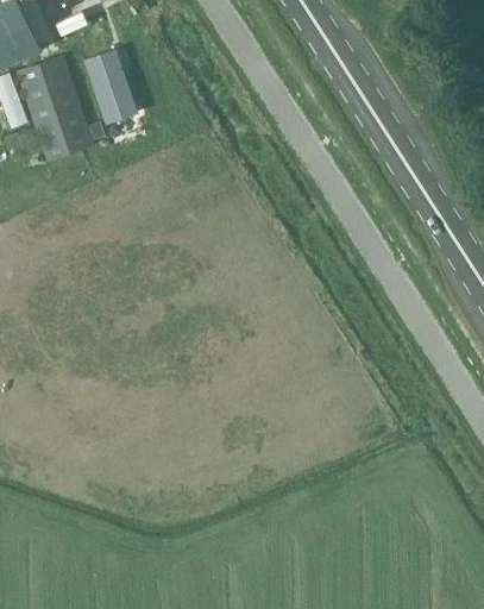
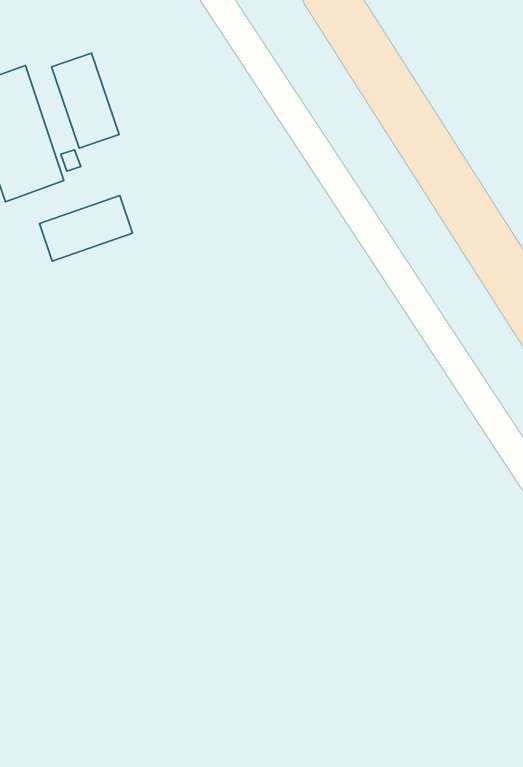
building: none -> [39,196,133,261]

